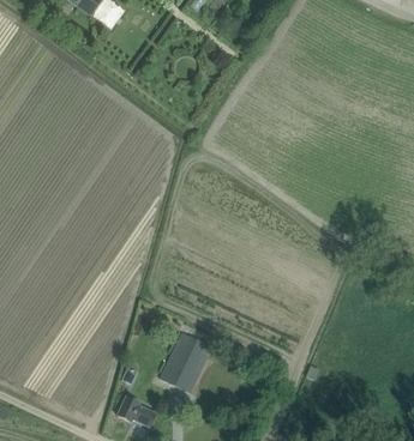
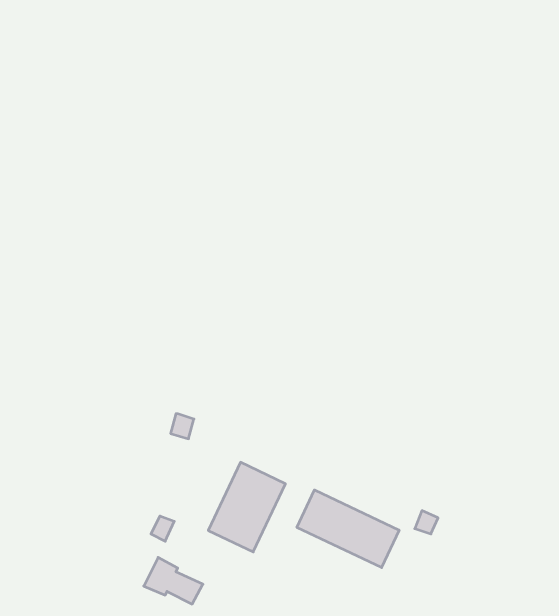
building: none -> [297,490,399,568]

